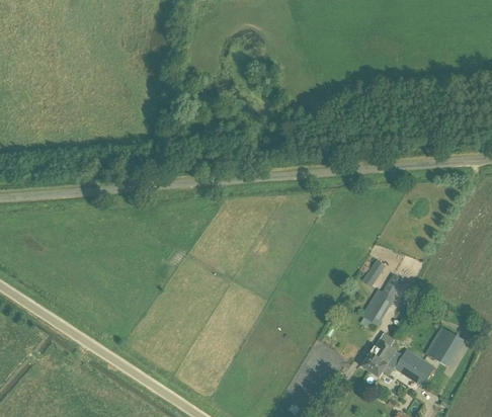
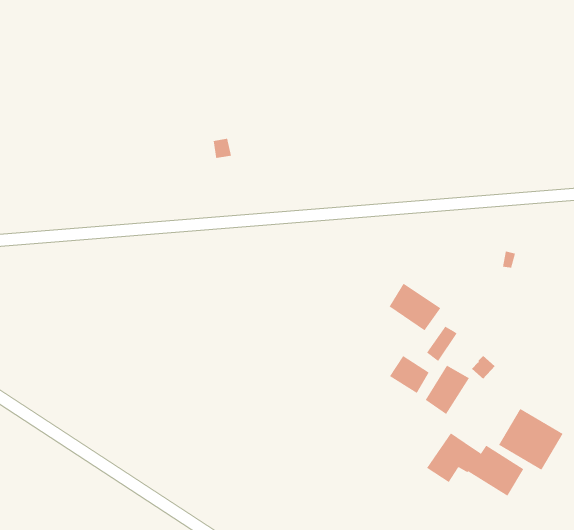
building: none -> [389,283,441,331]
building: none -> [389,355,430,394]

